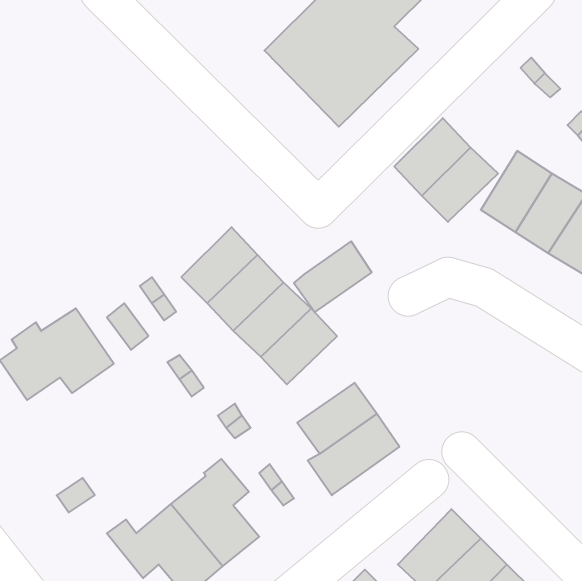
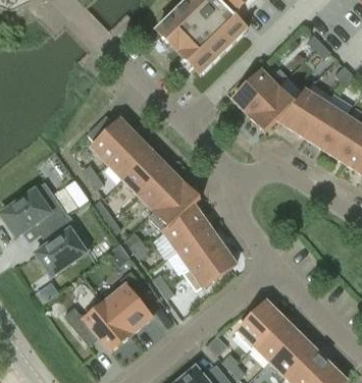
building: none -> [90,119,137,164]
building: [294,241,372,312] -> [163,208,209,250]
building: none -> [35,214,90,276]

